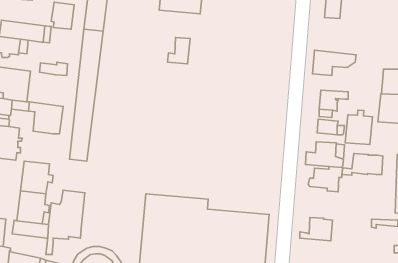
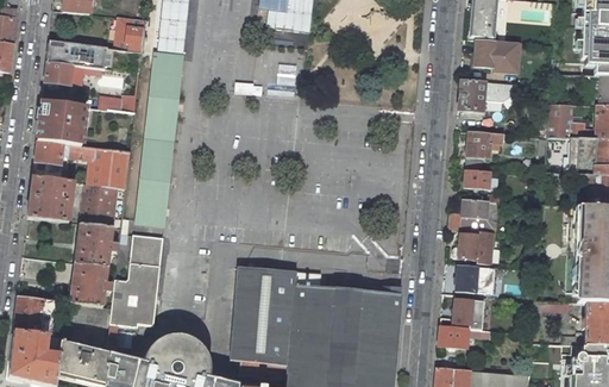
building: none -> [475,39,521,71]
building: [345,110,373,145] -> none
building: none -> [80,185,118,227]
building: [342,153,383,175] -> [442,266,496,294]
building: none -> [131,235,163,266]
building: none -> [439,325,491,348]

